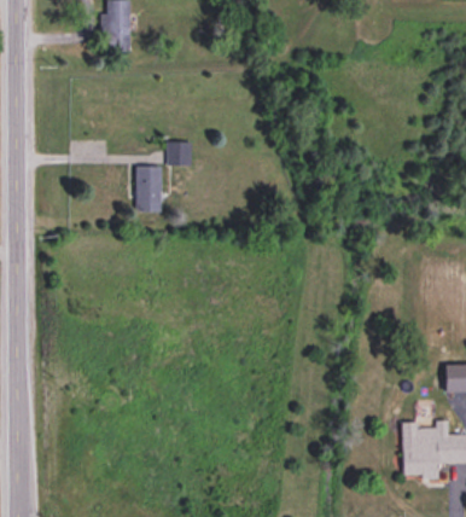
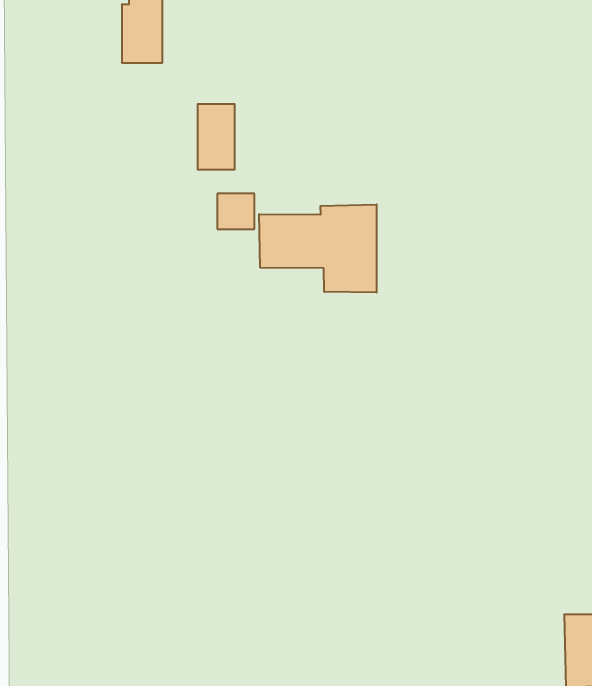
building: none -> [259,204,377,293]
building: [136,167,162,211] -> [198,104,235,170]

